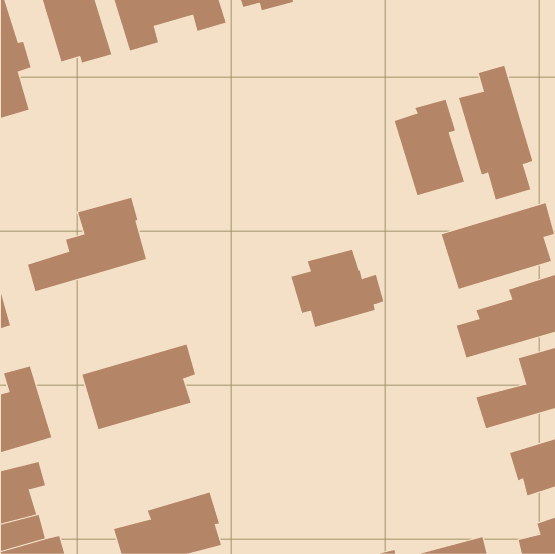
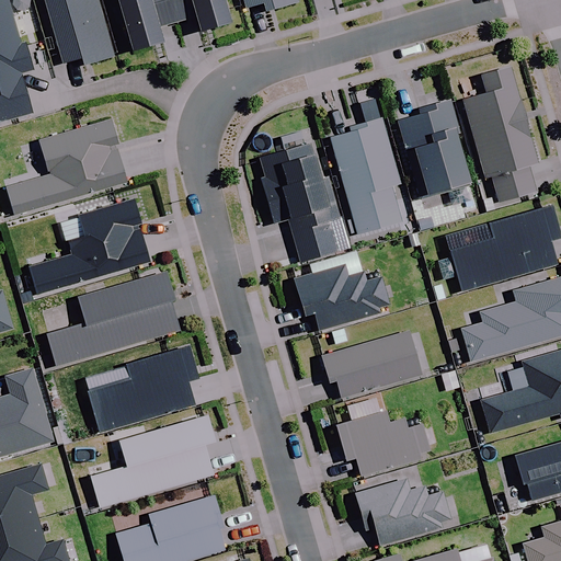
building: none -> [330,99,401,232]
building: none -> [7,118,126,214]
building: none -> [260,145,347,260]
building: none -> [47,272,180,366]
building: none -> [321,331,421,398]
building: none -> [335,410,431,474]
building: none -> [91,415,214,506]
building: none -> [355,478,449,543]

